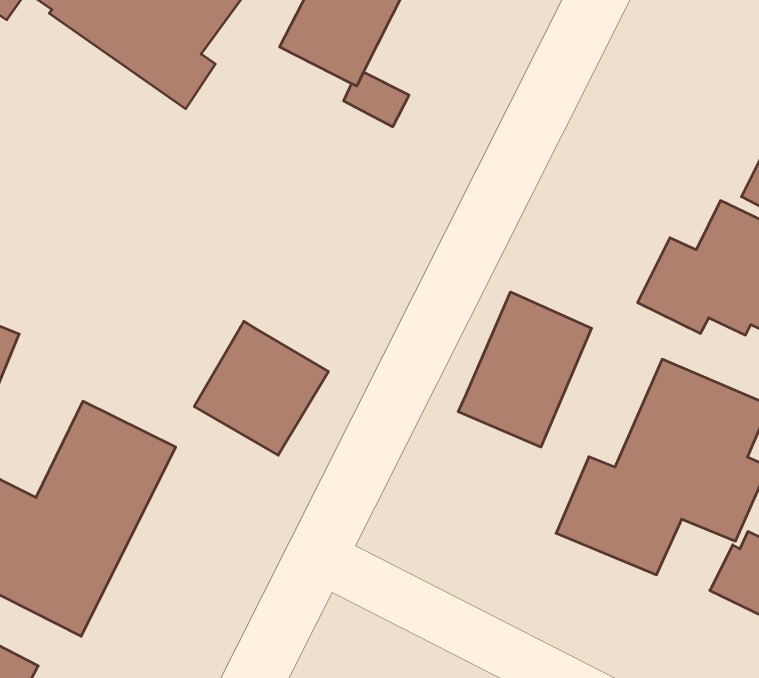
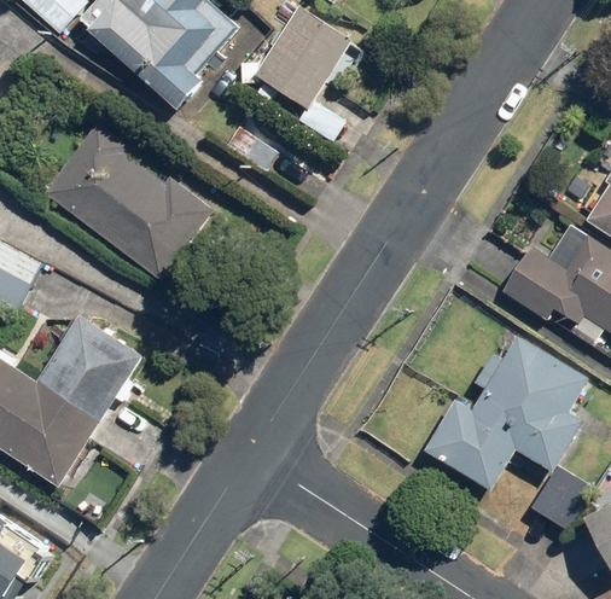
building: none -> [43,122,211,279]
building: [458,292,592,447] -> none
building: [194,321,328,455] -> none

